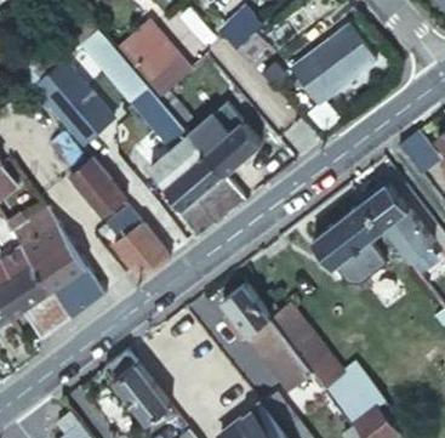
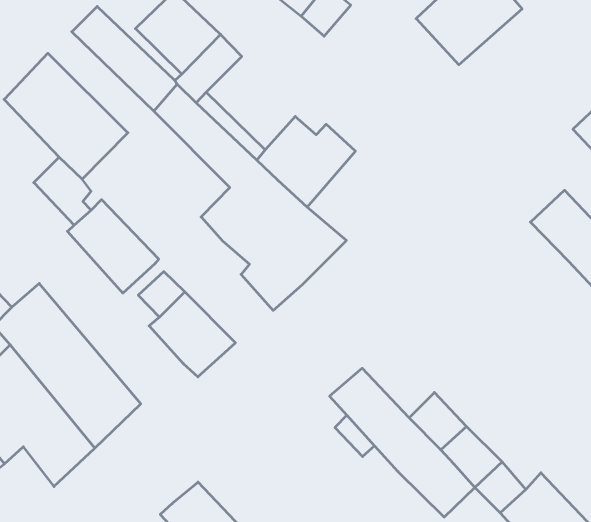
building: [315,201,388,281] -> none

